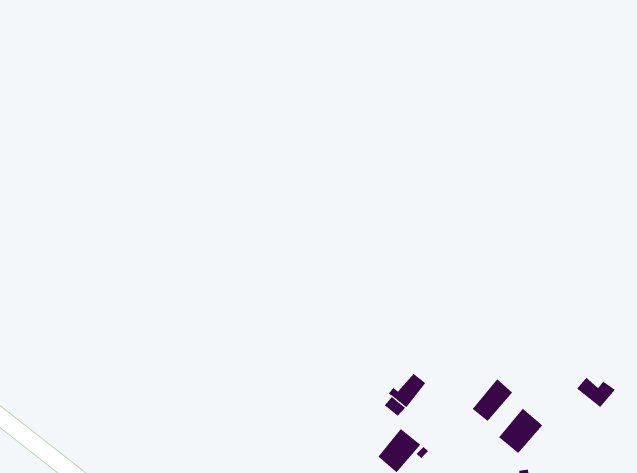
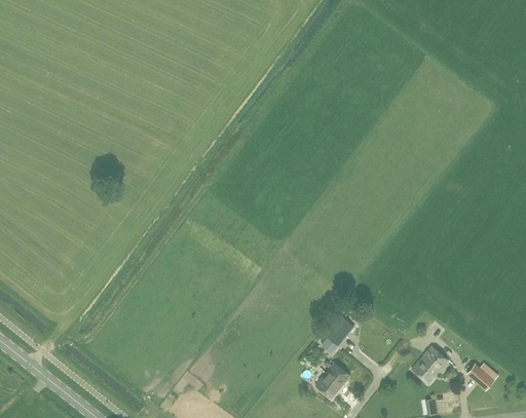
building: [576,377,616,408] -> [466,365,498,389]
building: [472,378,513,422] -> none

